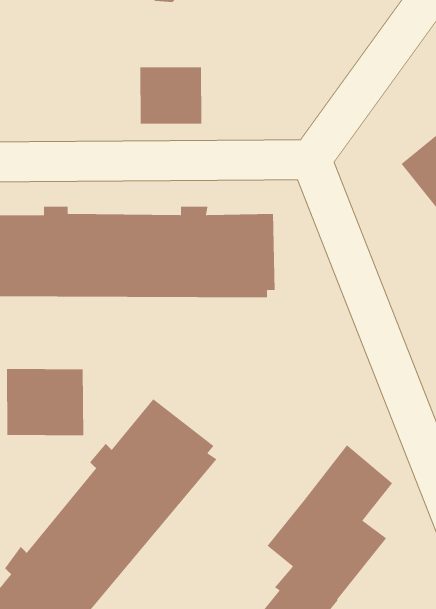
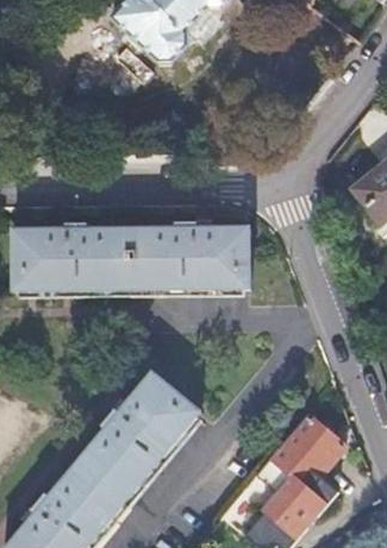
building: [140,66,202,125] -> none
building: [6,368,84,436] -> none

